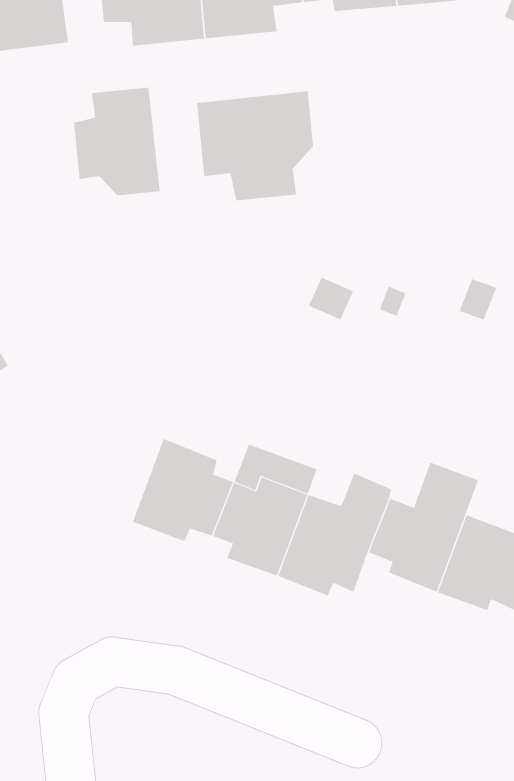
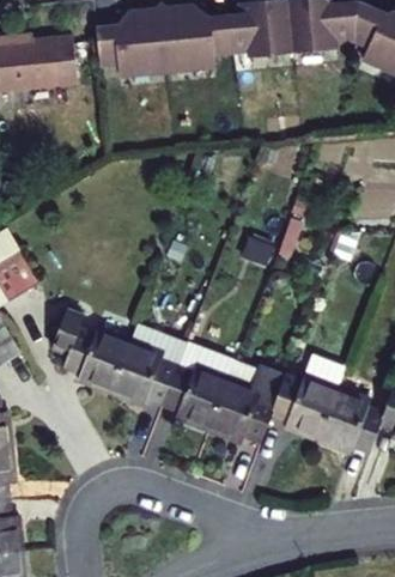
building: [73,87,160,196] -> none
building: [197,91,313,201] -> none
building: none -> [57,310,138,395]

